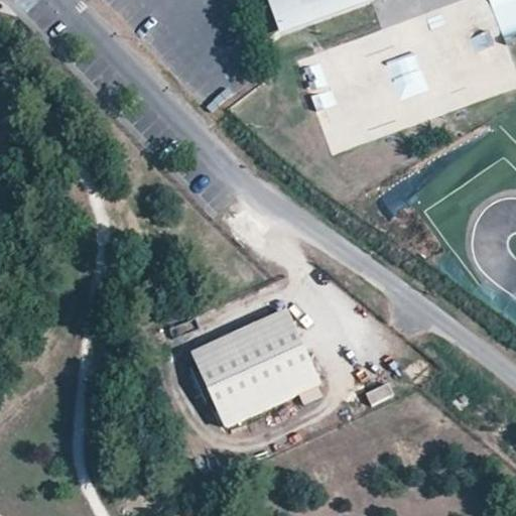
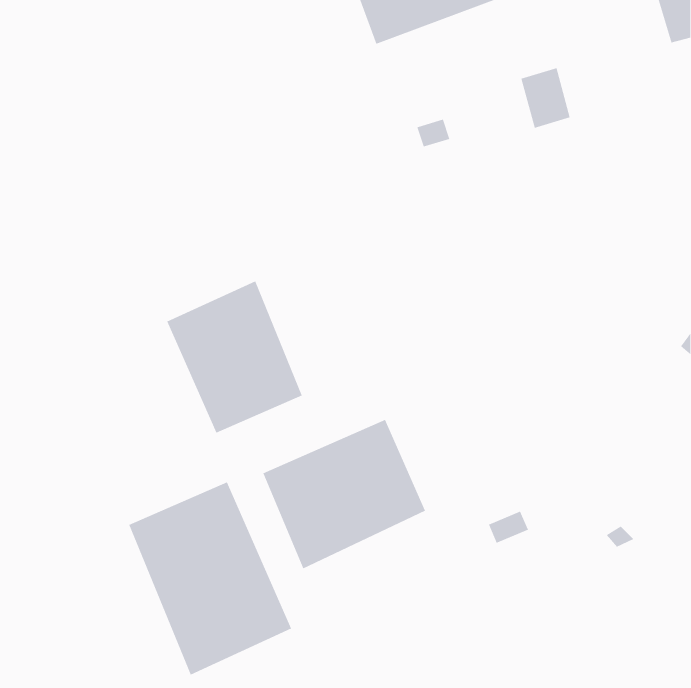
building: none -> [167,280,302,434]
building: none -> [129,481,292,675]

